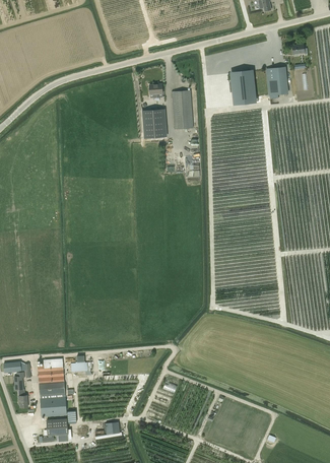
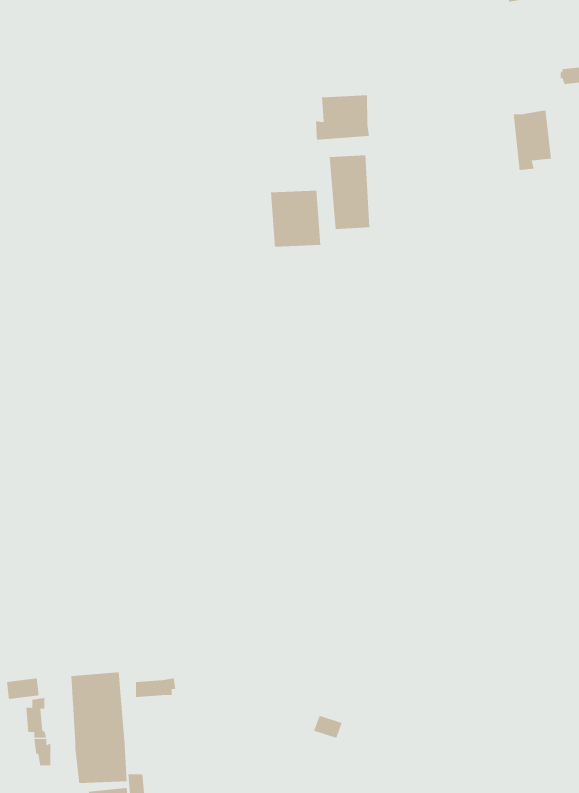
building: none -> [316,95,370,140]
building: [232,71,255,104] -> none

